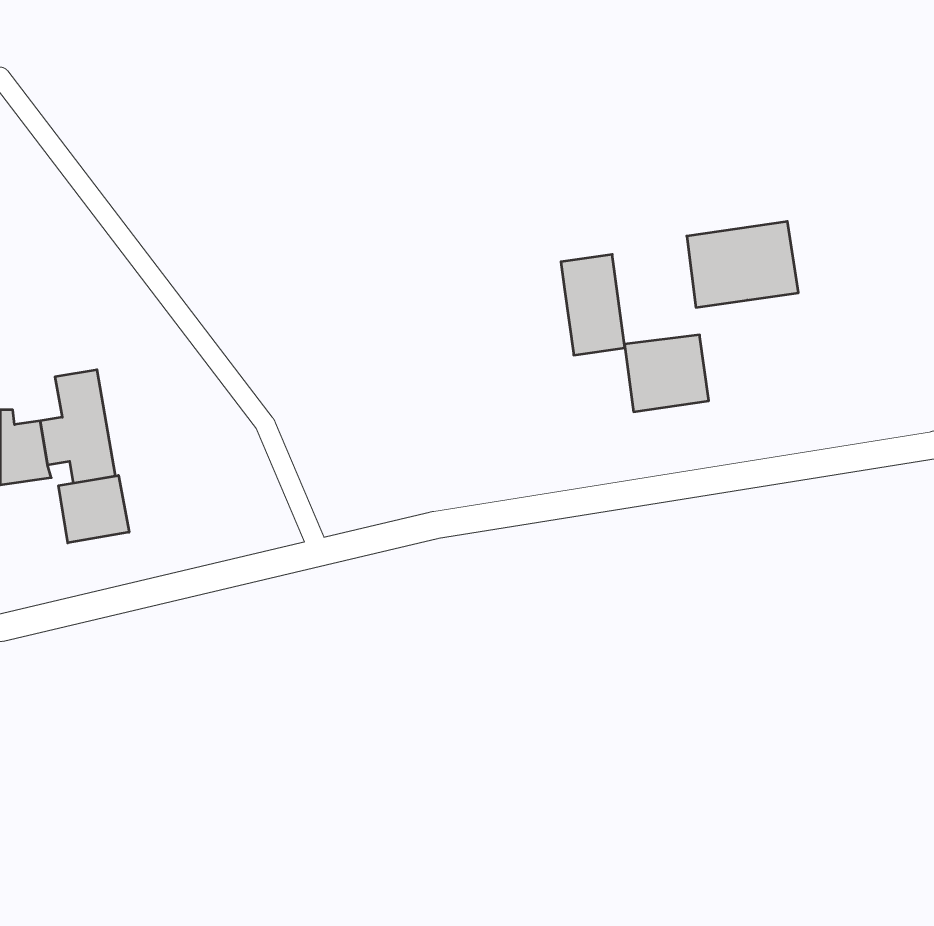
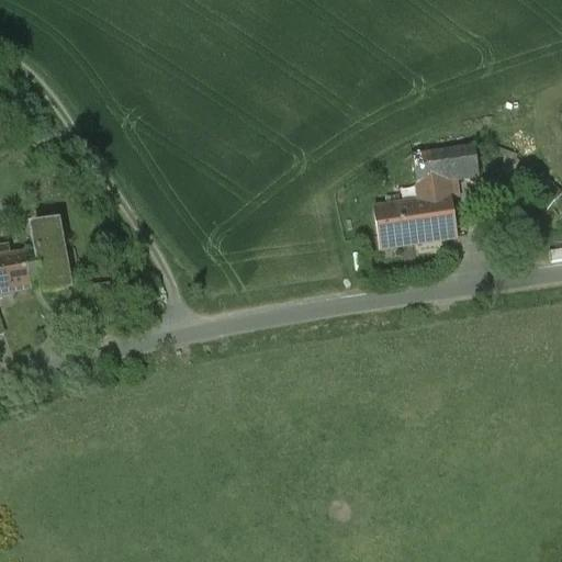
building: [561,254,625,355] -> [418,180,457,240]
building: [59,475,129,543] -> none

